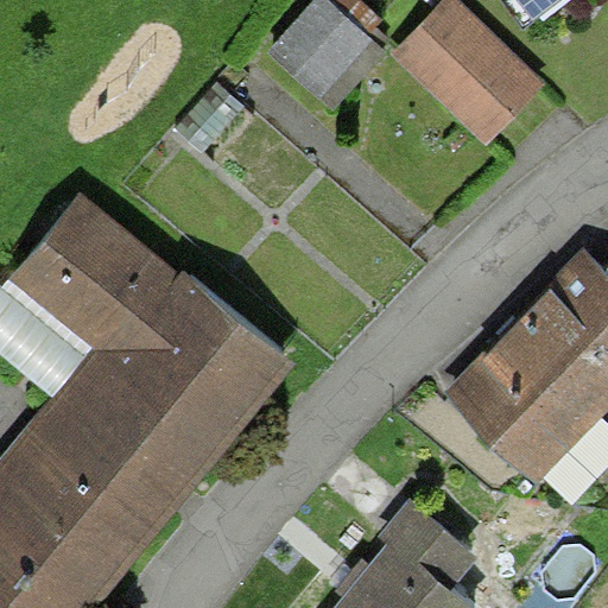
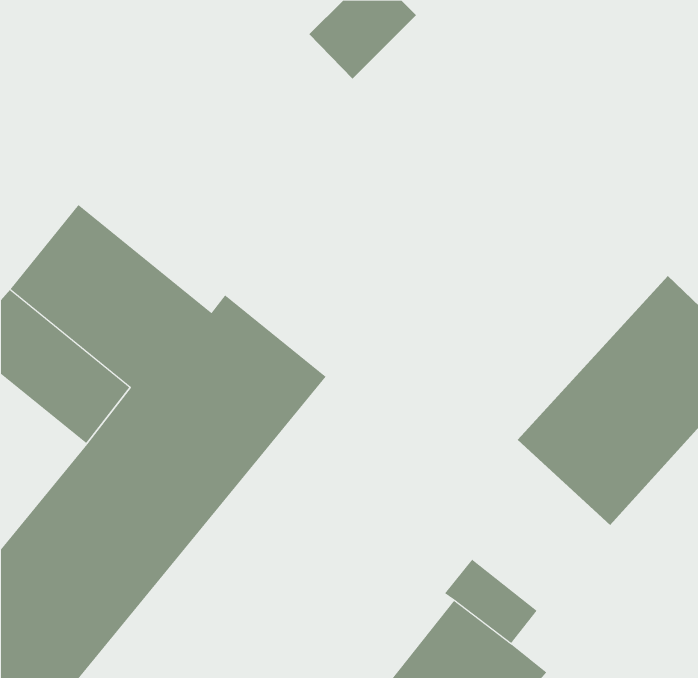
building: [424,25,532,132] -> none

